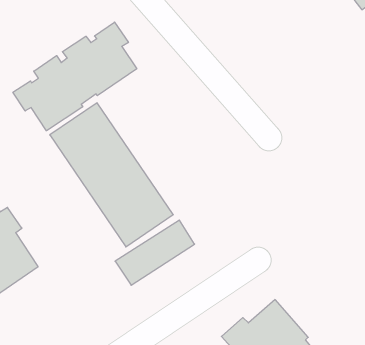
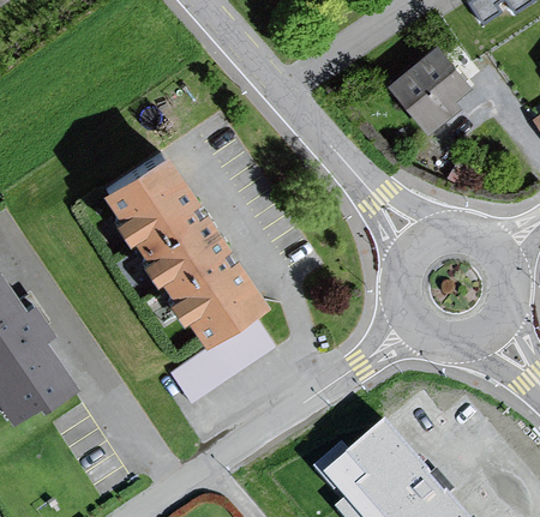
building: [13,22,137,131] -> none
building: none -> [383,48,467,139]

